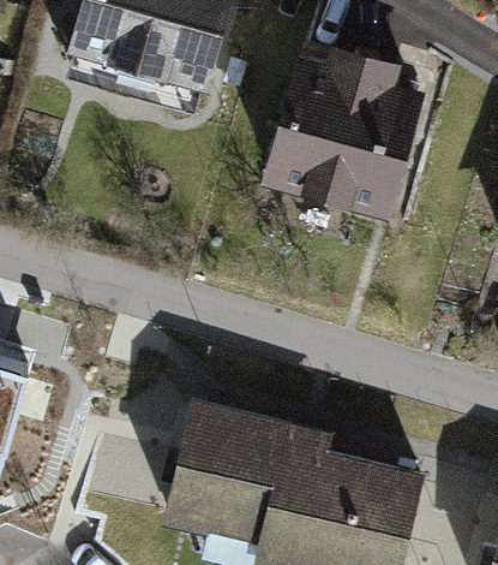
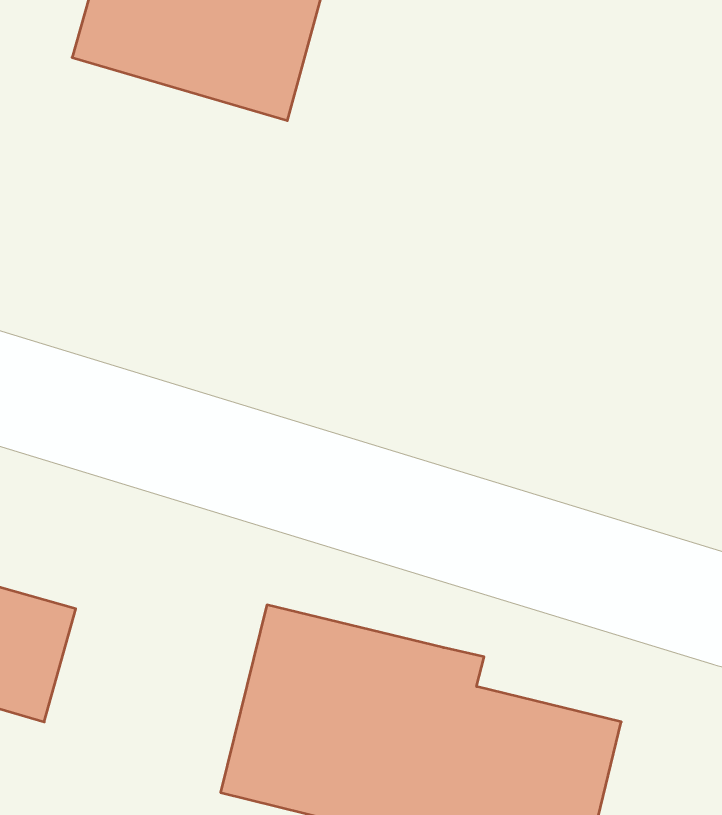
building: [260,47,426,222] -> none

